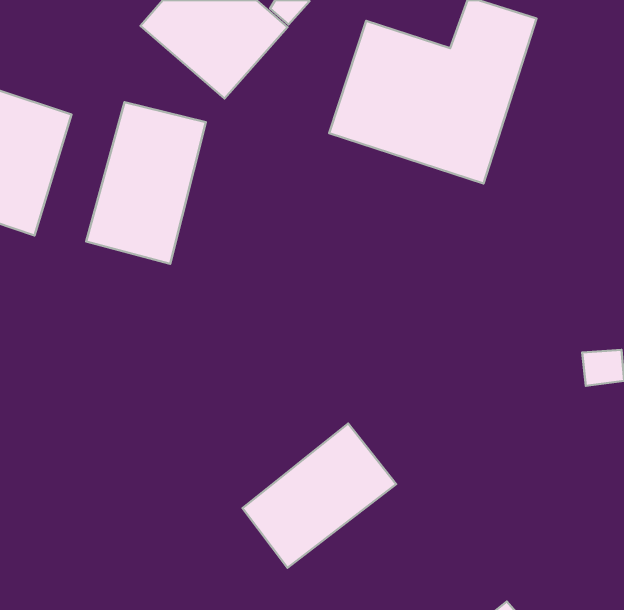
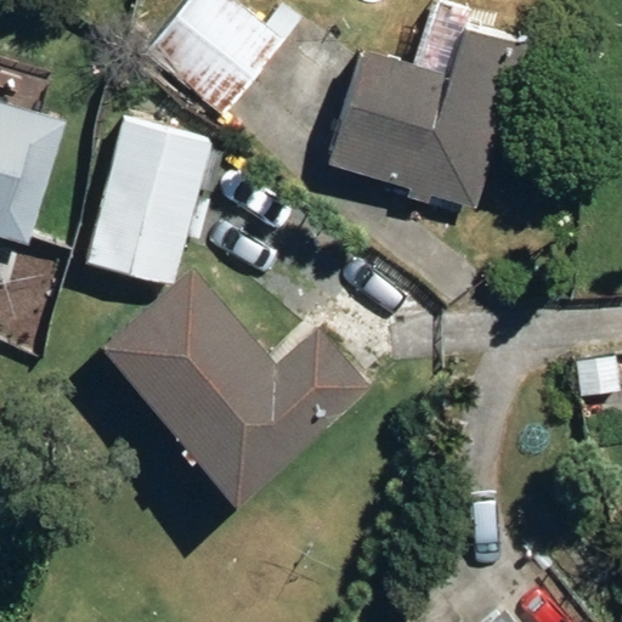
building: none -> [106,260,364,491]
building: [243,423,396,568] -> none

